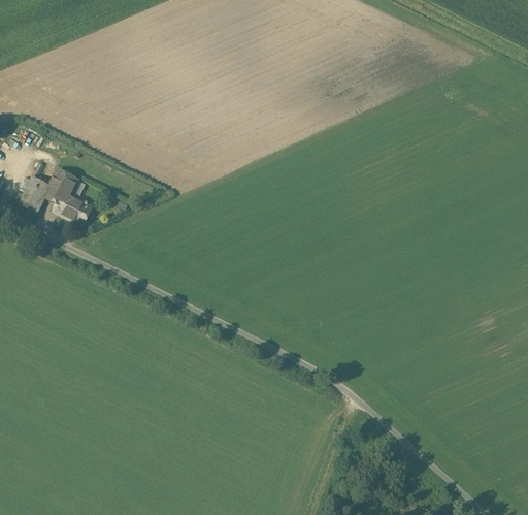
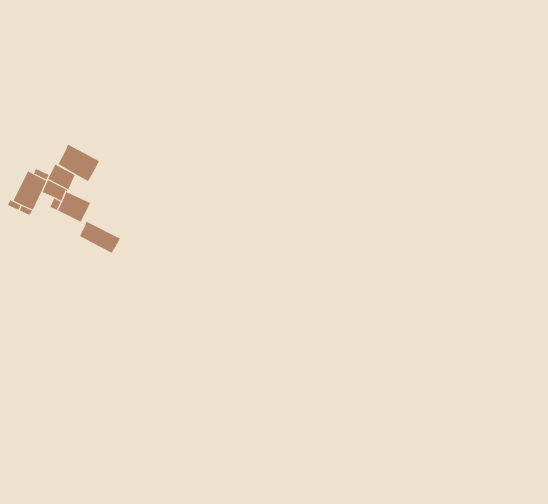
building: none -> [57,144,100,182]
building: none -> [79,221,120,254]

